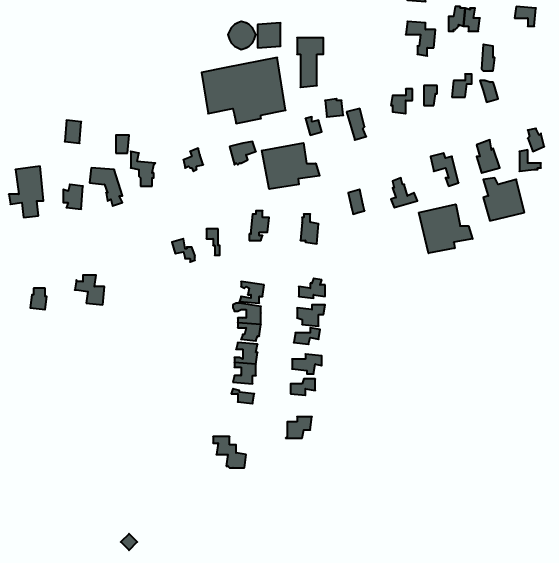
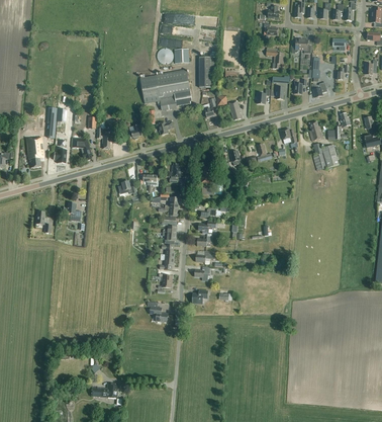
building: [262,143,320,189] -> none
building: [419,204,473,253] -> none

